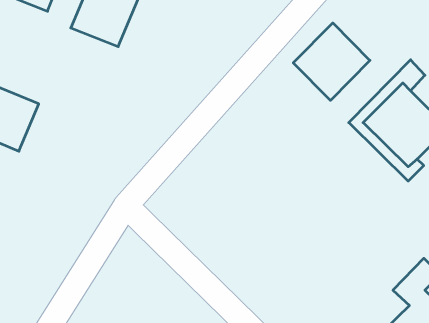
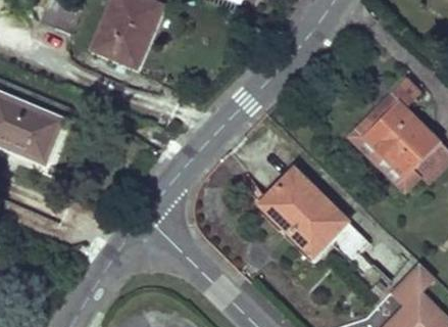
building: [293,23,370,100] -> none
building: none -> [263,169,369,261]

